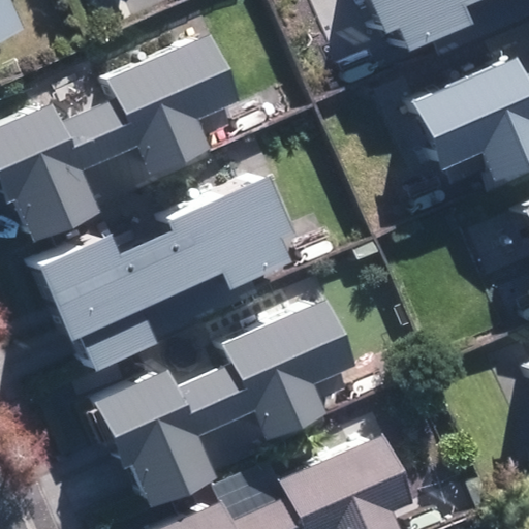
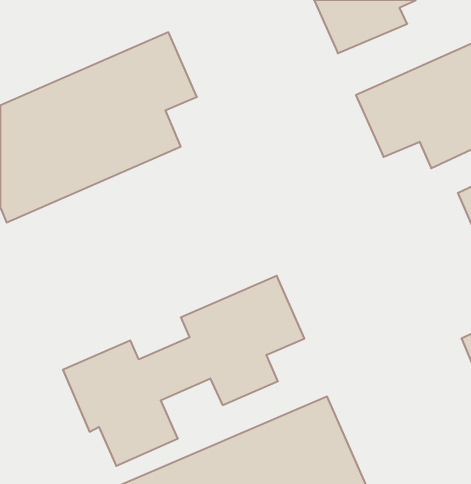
building: [23,180,282,372] -> none

